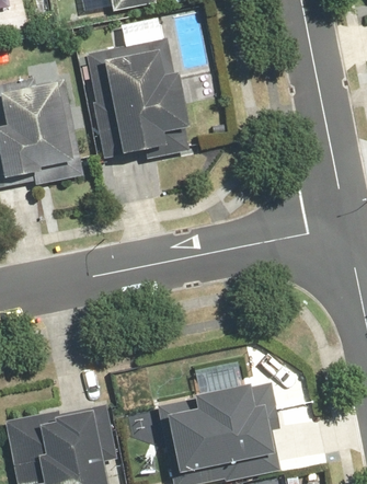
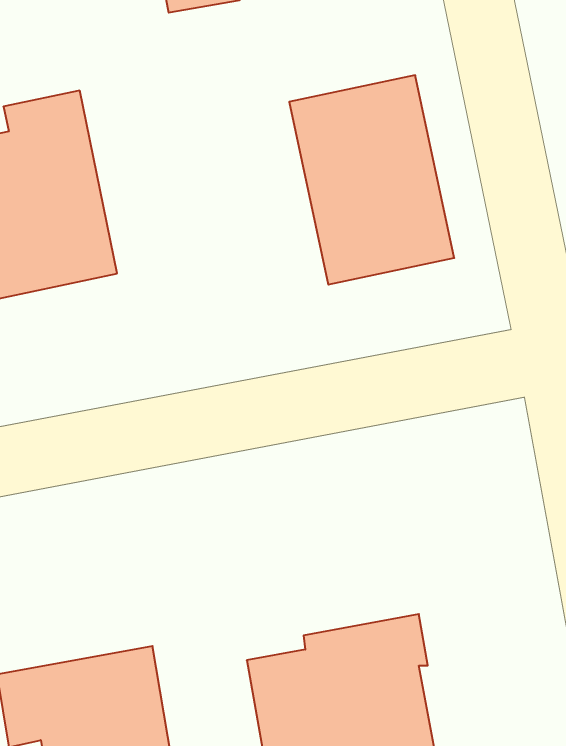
building: [89,38,191,168] -> [289,75,454,285]

